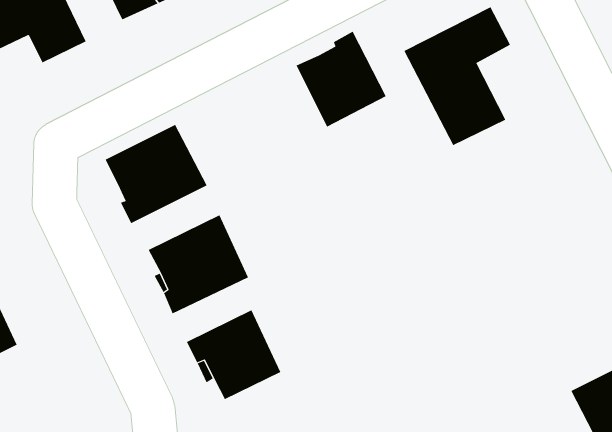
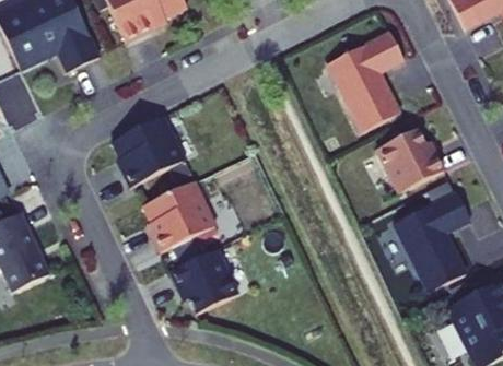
building: [296,31,386,127] -> none
building: none -> [375,128,444,192]
building: none -> [393,191,469,291]

